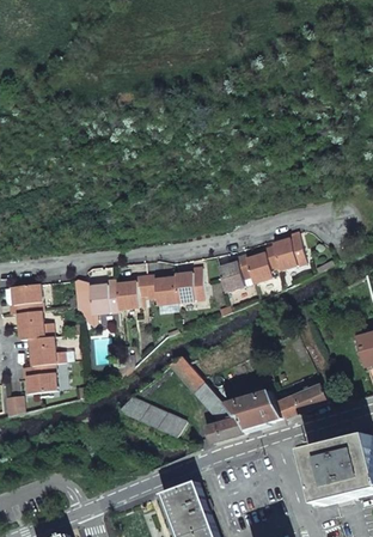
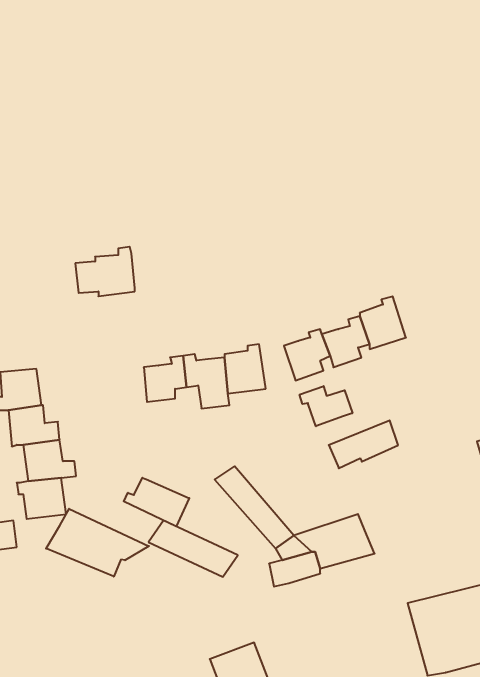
building: [74,279,117,315] -> [75,247,135,296]
building: none -> [300,386,352,426]
building: none -> [124,478,189,526]
building: [275,384,325,419] -> [329,420,398,468]
building: none -> [46,509,149,577]

